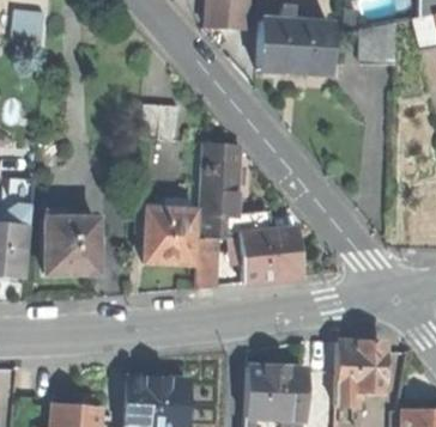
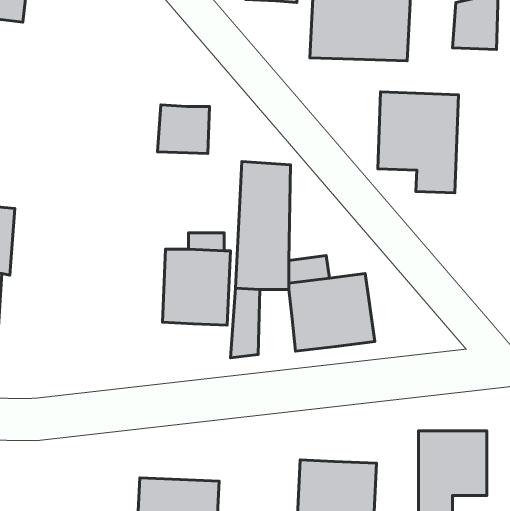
building: none -> [378,92,459,193]
building: [47,207,98,273] -> none

